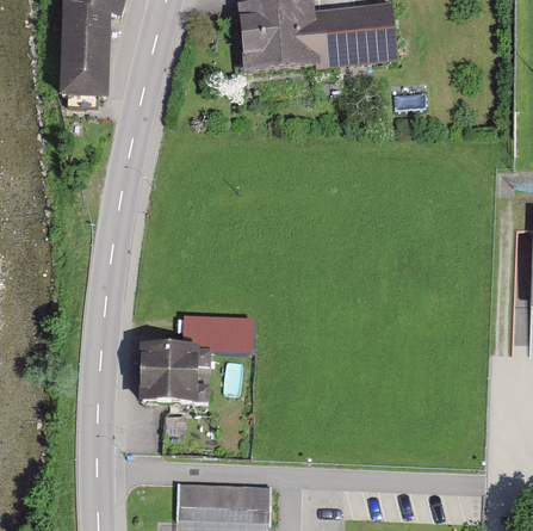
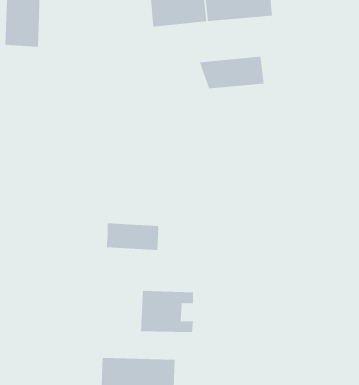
building: none -> [199,56,264,89]
building: [140,348,206,401] -> [140,290,194,332]

